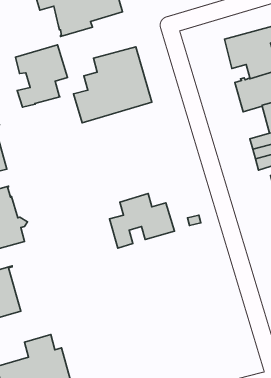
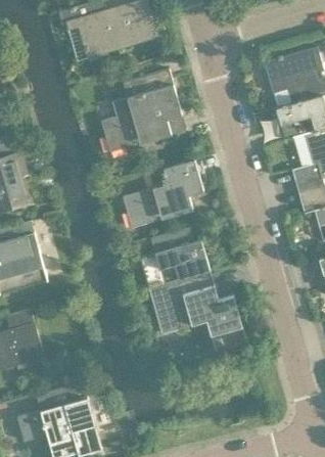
building: [16,45,67,107] -> none
building: none -> [122,159,202,227]
building: none -> [148,270,245,351]

